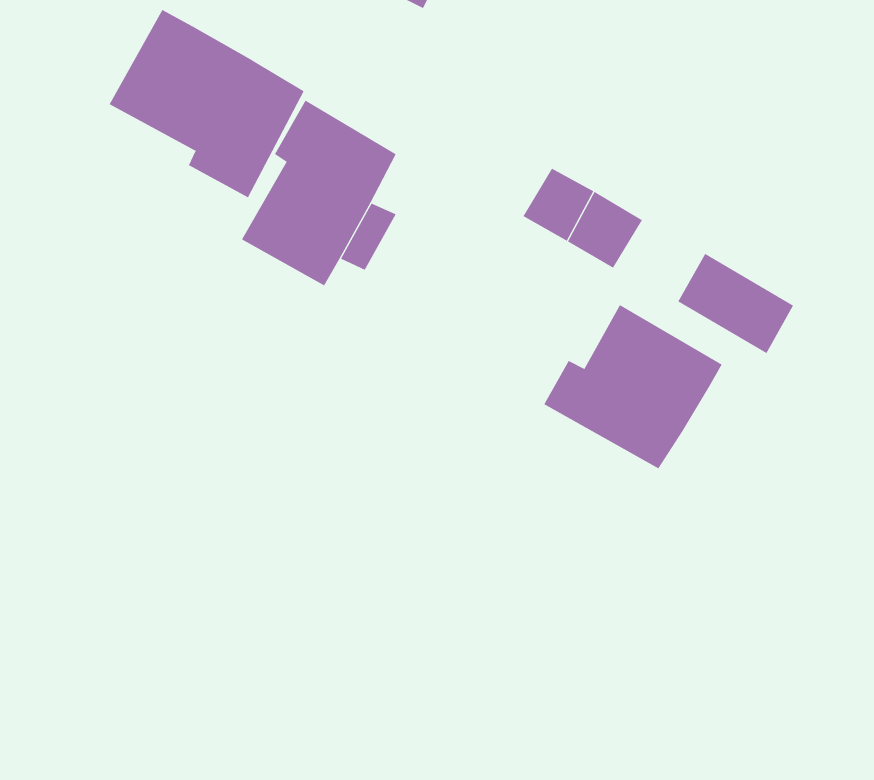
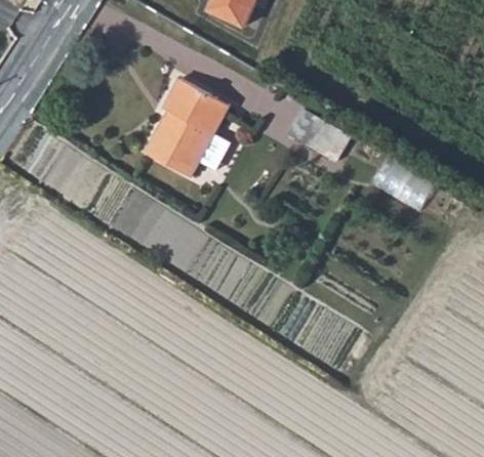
building: [109,9,305,198] -> none
building: [543,304,722,469] -> none

